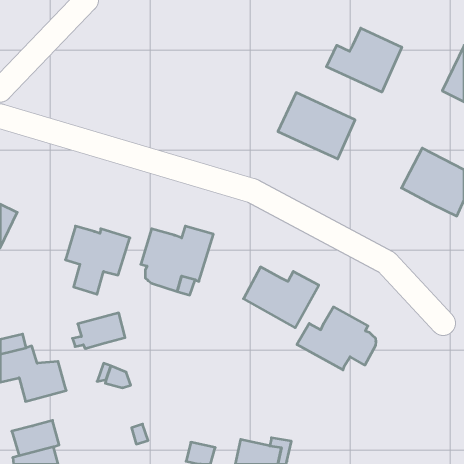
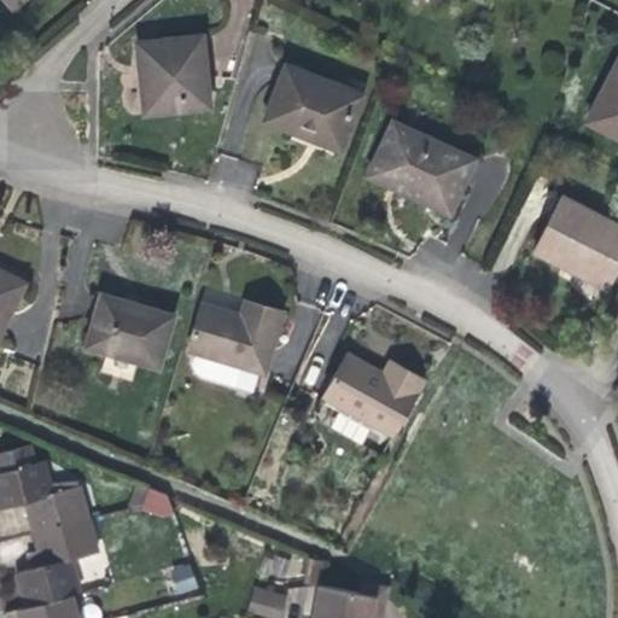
building: none -> [138,35,209,113]
building: [326,28,402,92] -> none
building: none -> [264,65,362,151]
building: [297,307,376,370] -> none
building: [72,313,125,348] -> [27,519,97,566]

